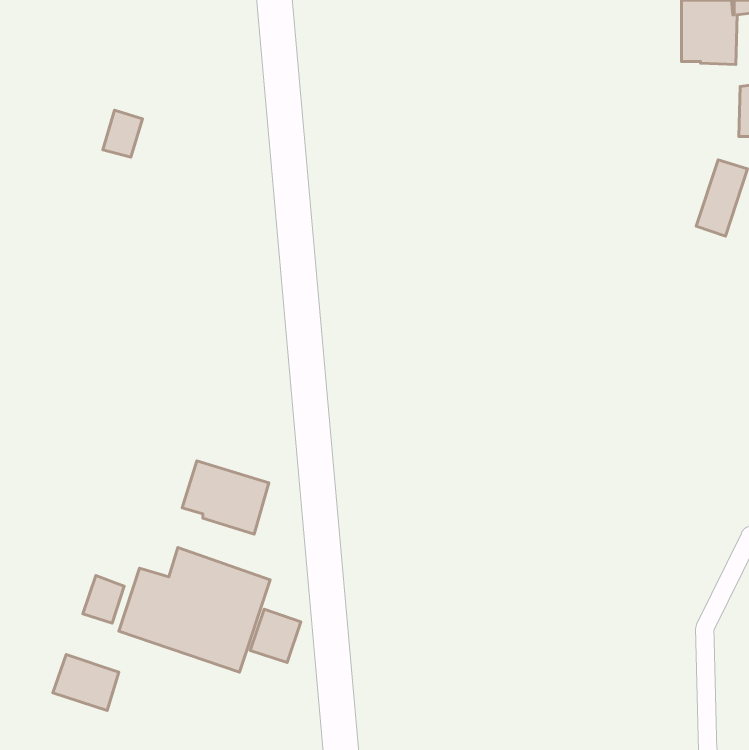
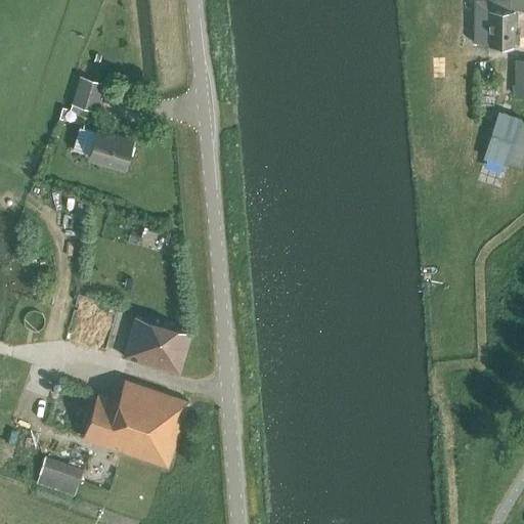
building: none -> [75,128,133,168]
building: [83,576,124,623] -> none
building: [250,609,301,663] -> none

